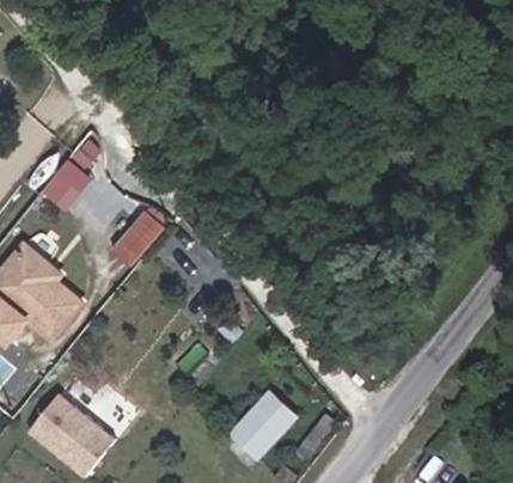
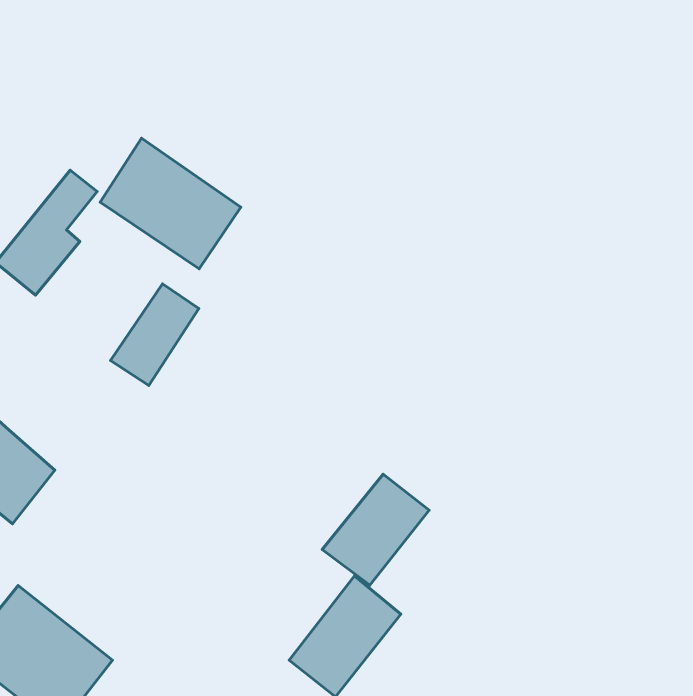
building: none -> [100,138,241,269]
building: none -> [322,474,429,585]

